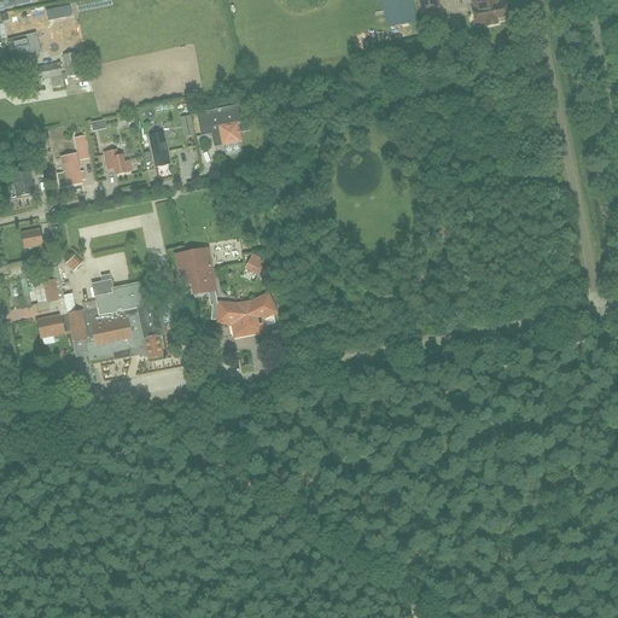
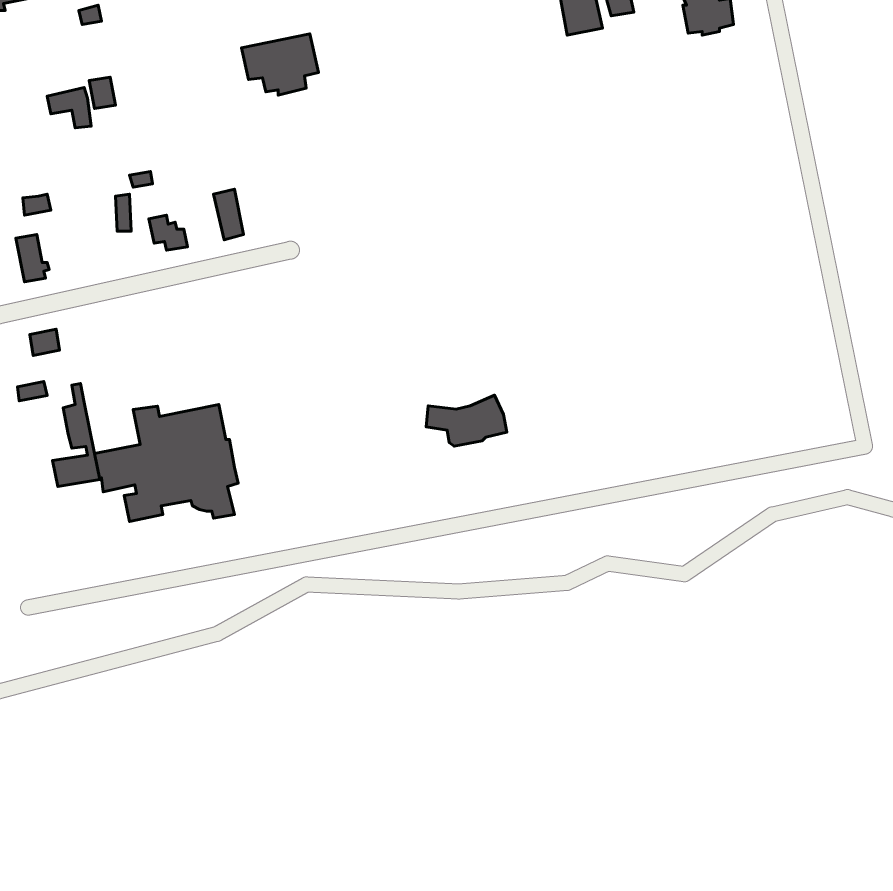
building: [6,31,40,58] -> none
building: [196,103,249,145] -> [241,34,318,95]
building: [56,152,83,186] -> none
building: [175,251,214,292] -> none
building: [218,297,274,332] -> [426,395,507,446]

